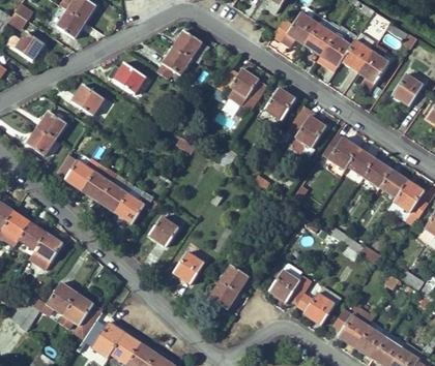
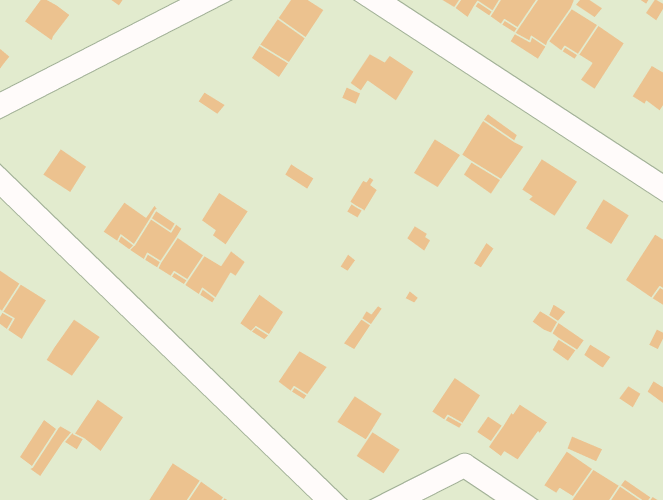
building: [113,63,145,93] -> none
building: [71,85,104,116] -> none
building: [265,88,295,119] -> [413,138,461,188]
building: [38,112,66,139] -> none
building: [347,148,375,177] -> none
building: none -> [201,192,249,245]
building: [380,169,407,197] -> none
building: [19,221,47,250] -> none
building: [221,265,249,292] -> [356,431,401,474]
building: [63,294,94,326] -> none

